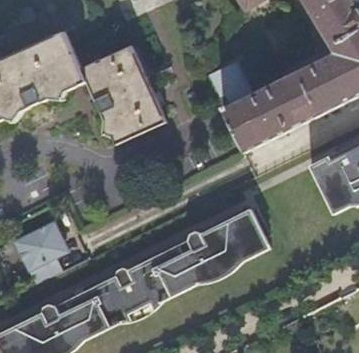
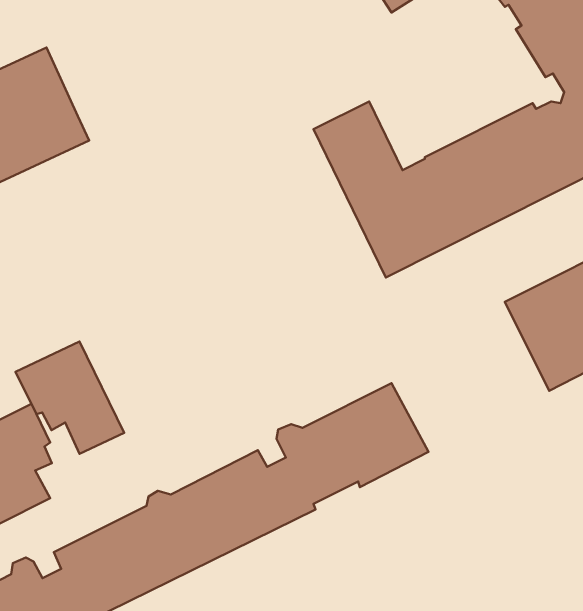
building: [80,43,165,143] -> none
building: none -> [16,342,124,454]

